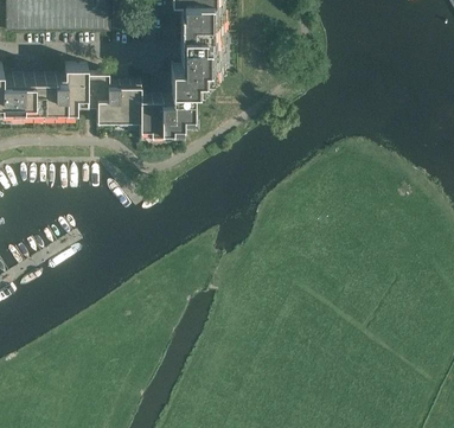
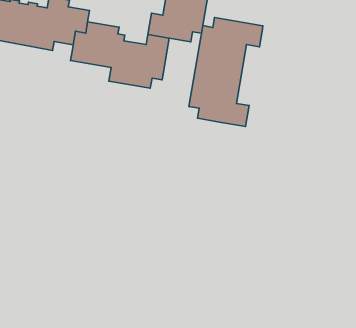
building: none -> [189,17,263,127]

